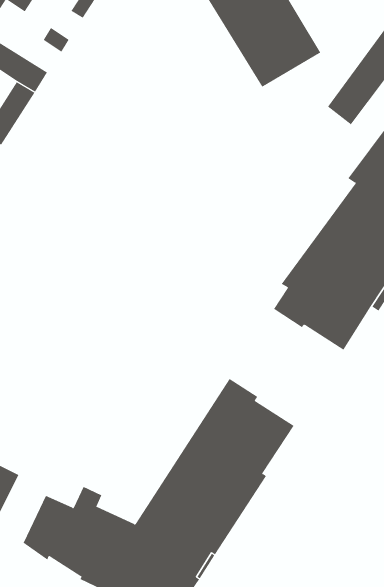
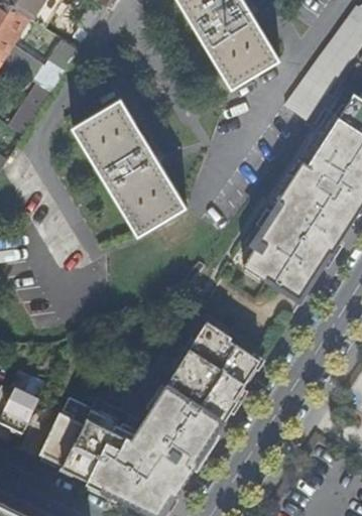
building: none -> [73,99,186,236]

